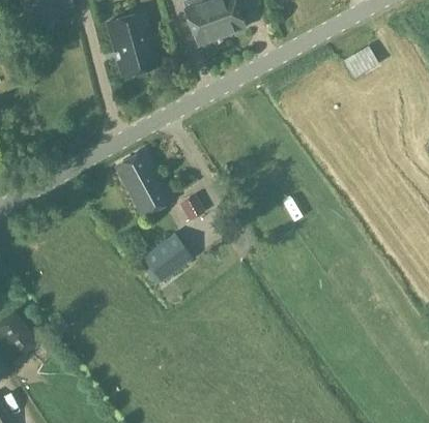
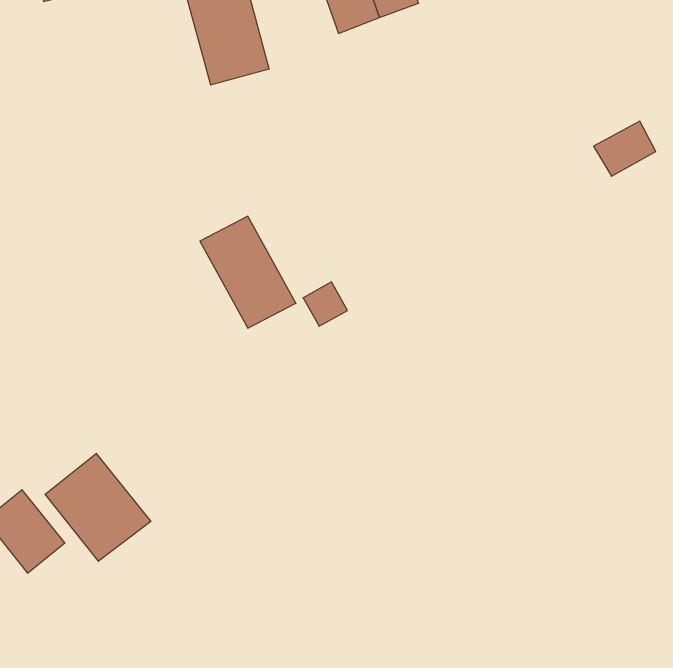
building: [343,47,379,79] -> [594,121,656,176]
building: [142,233,194,283] -> none
building: none -> [45,453,151,561]

